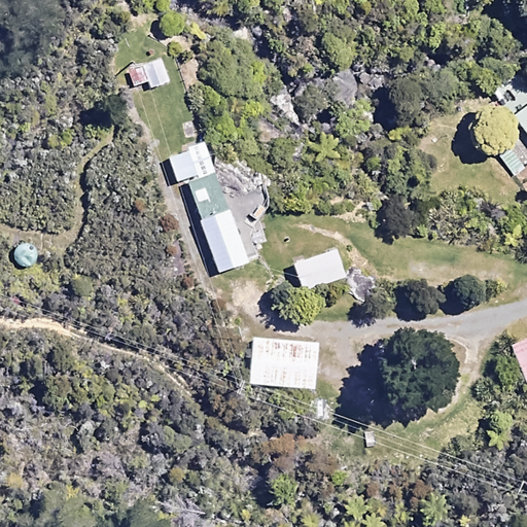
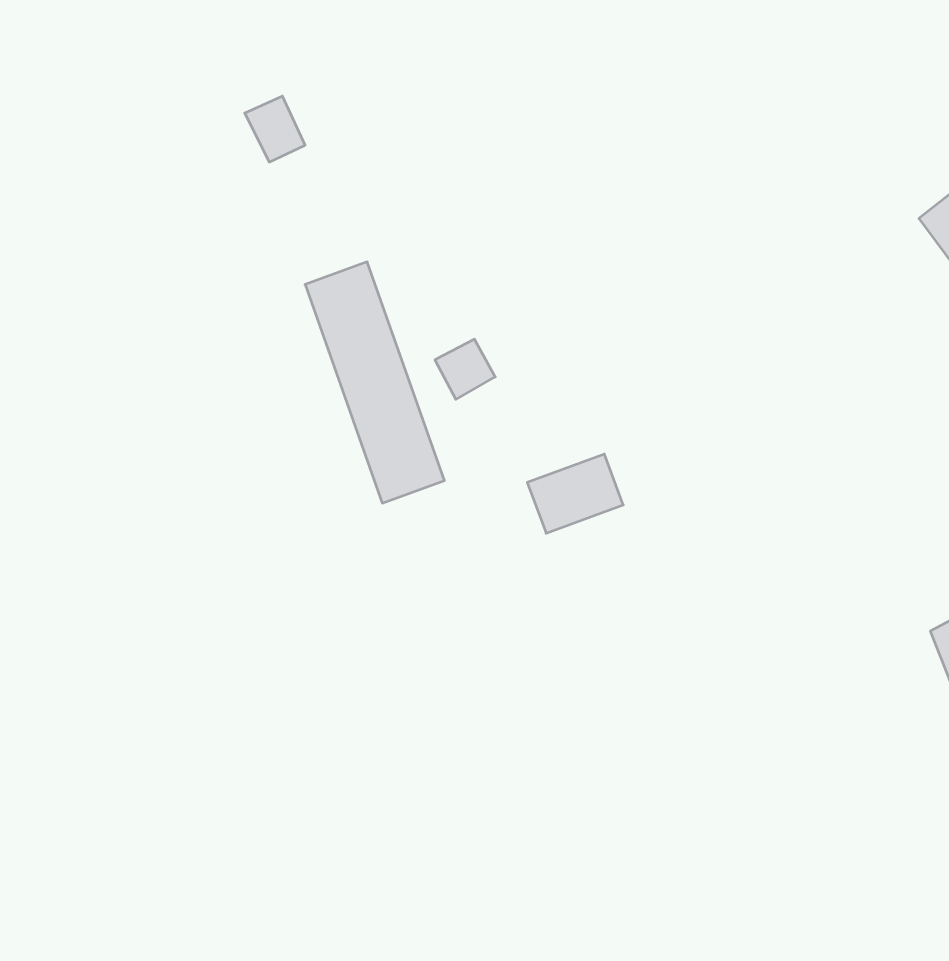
building: [252,332,319,387] -> none

